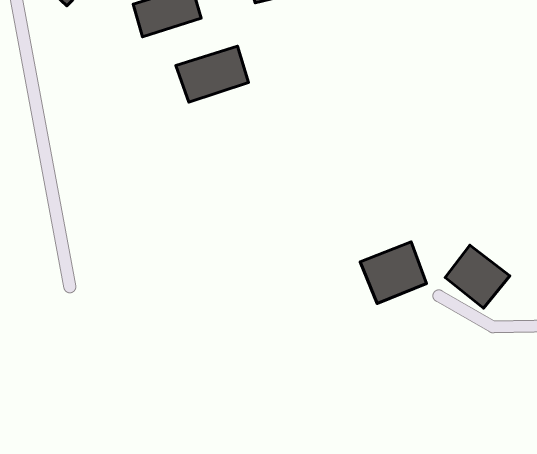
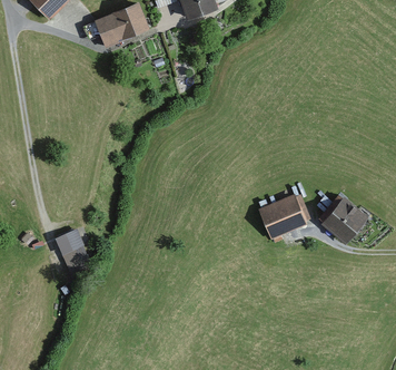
building: [176,46,249,102] -> none
building: none -> [56,227,89,256]

